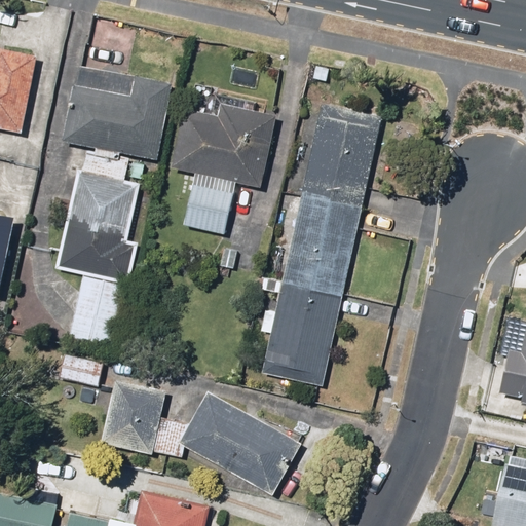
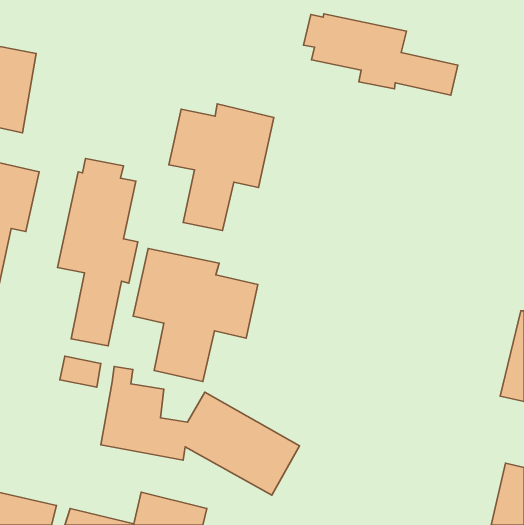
building: none -> [304,14,458,95]
building: [58,65,173,163] -> none
building: [263,103,381,389] -> none
building: none -> [133,249,258,381]

